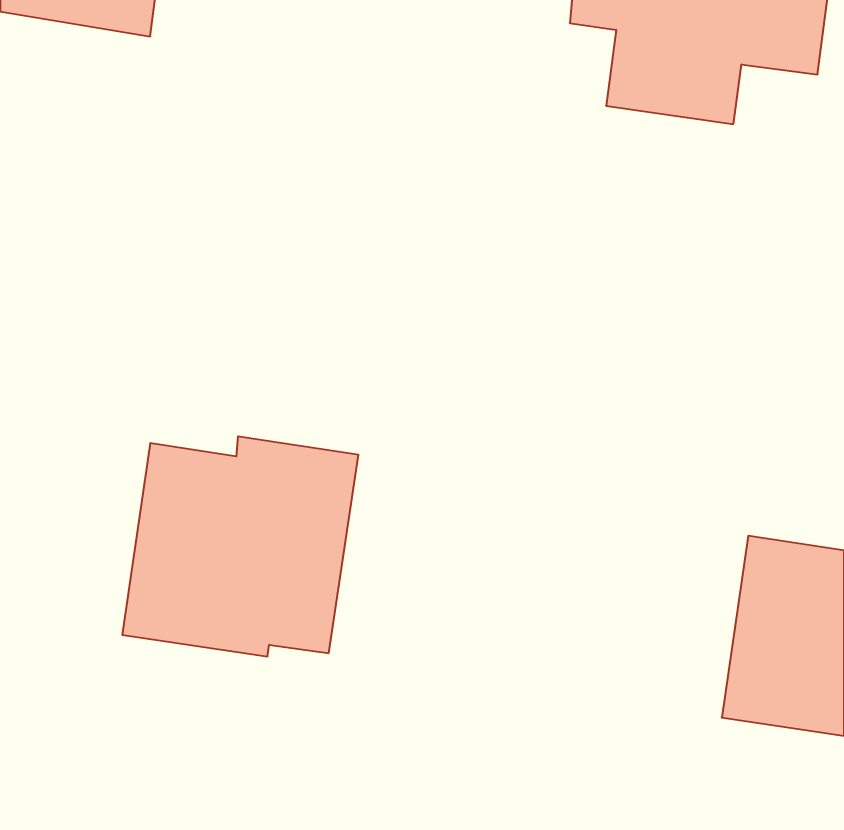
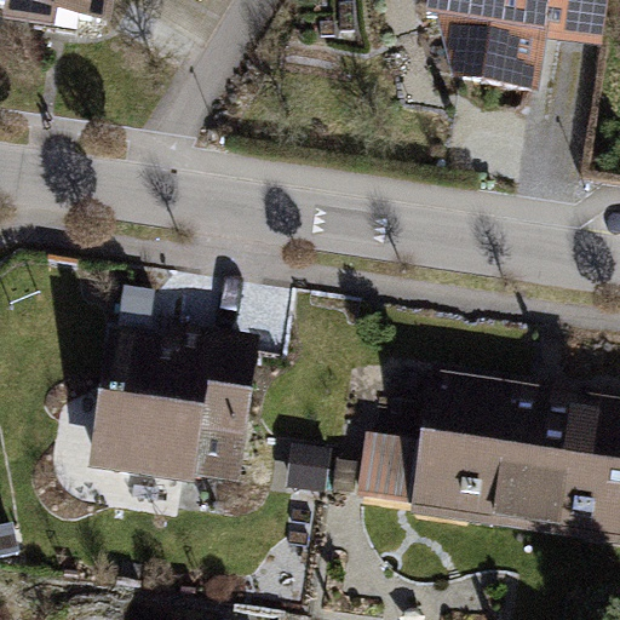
building: none -> [363,373,549,526]

